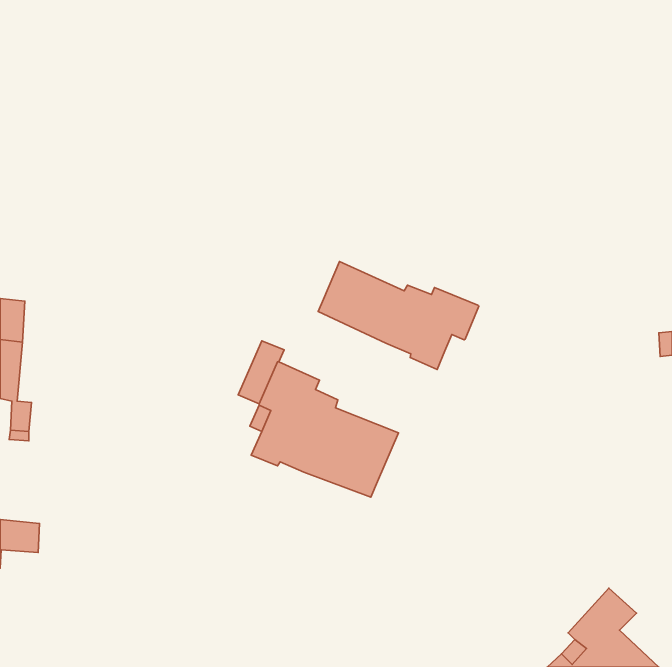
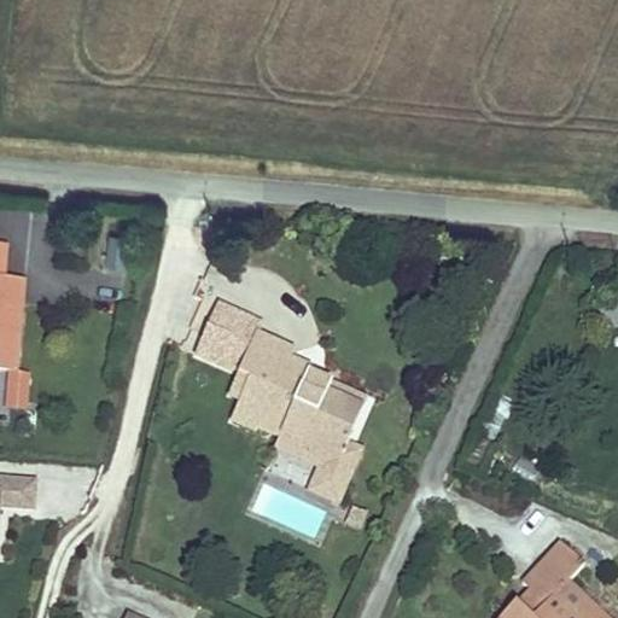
building: [318,261,479,370] -> none
building: none -> [196,302,240,362]
building: none -> [275,433,358,497]

